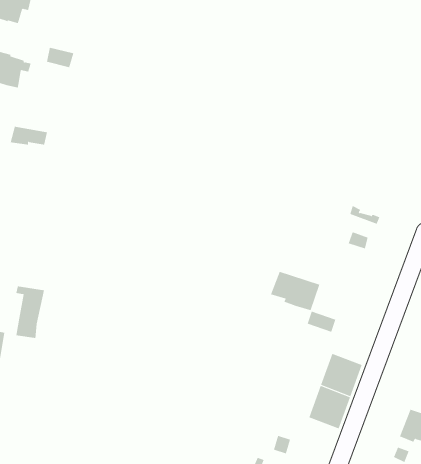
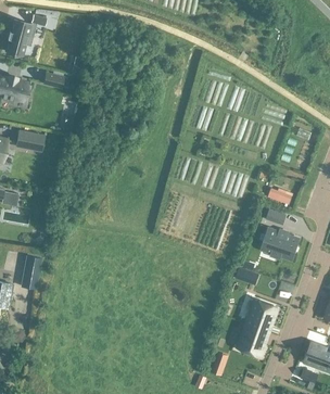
building: [270,271,320,311] -> [262,229,299,258]

